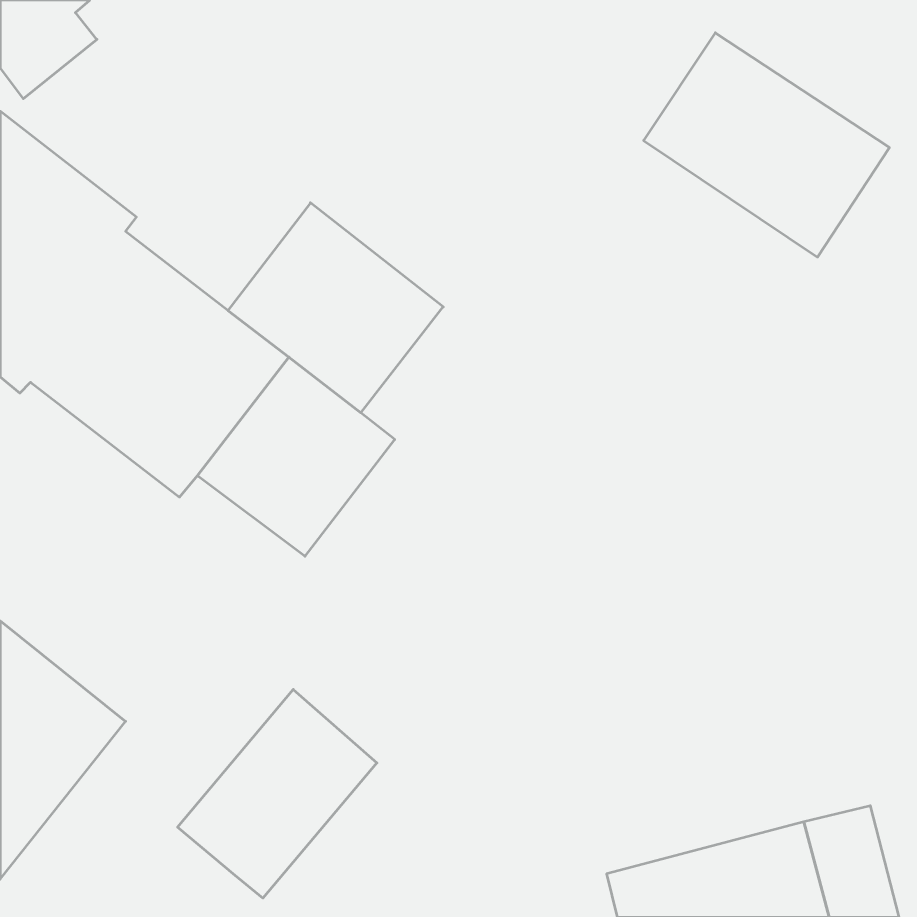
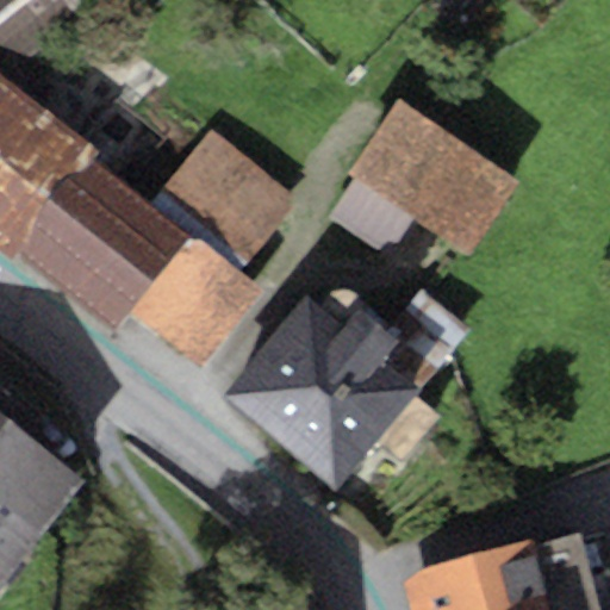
building: [644,33,889,257] -> [354,100,517,249]
building: none -> [213,288,465,494]
building: [178,689,377,898] -> none

